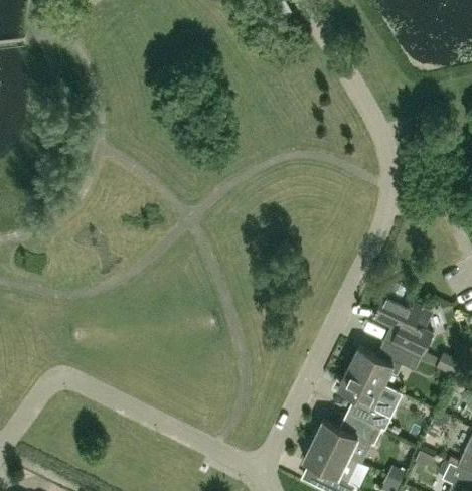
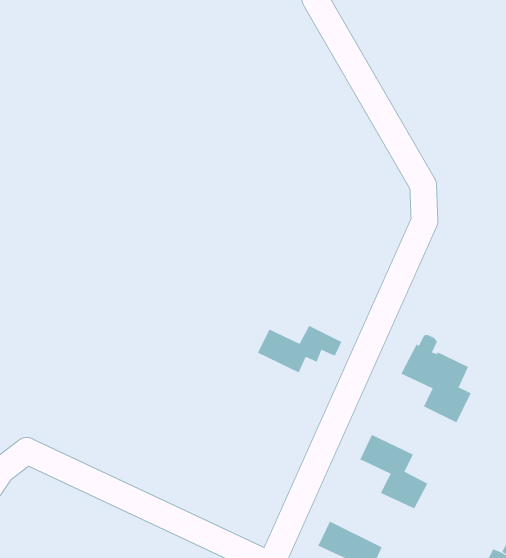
building: [348,345,420,385] -> [257,325,342,373]
building: [313,417,381,465] -> none

